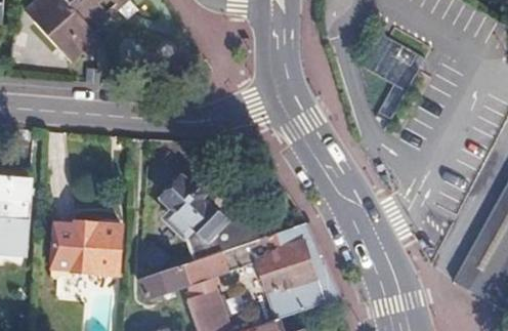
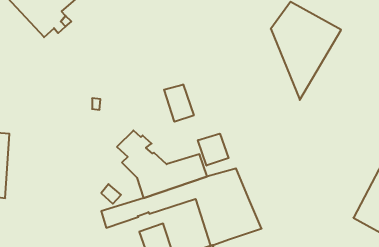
building: none -> [164,84,194,122]
building: none -> [198,134,229,166]
building: [46,215,118,274] -> none

